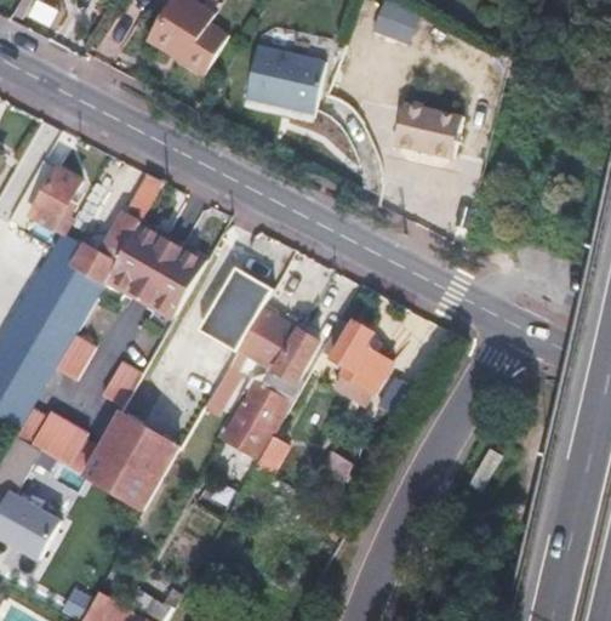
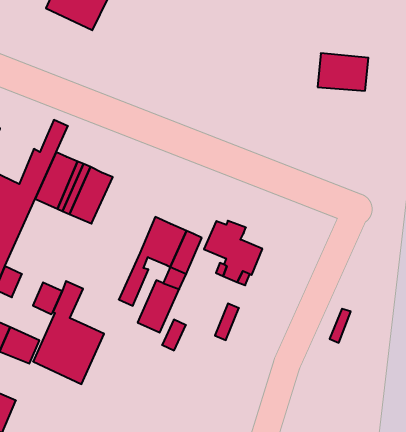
building: [247,46,325,113] -> none
building: [392,110,459,164] -> [318,53,368,91]
building: [202,269,273,352] -> none

